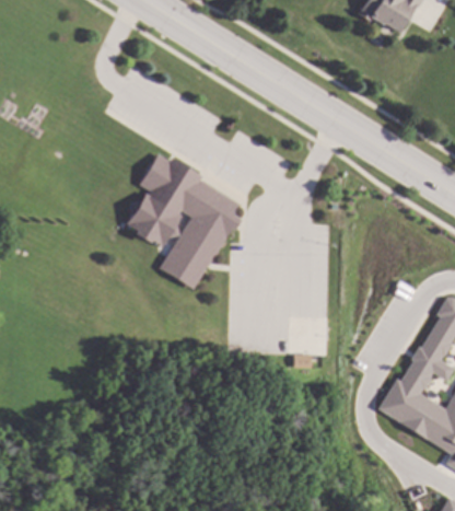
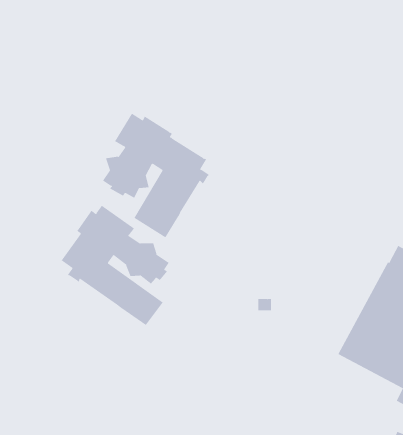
building: none -> [60,205,170,326]

